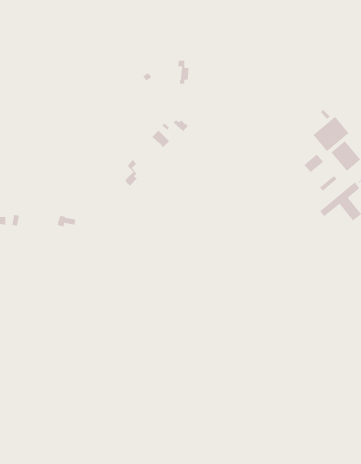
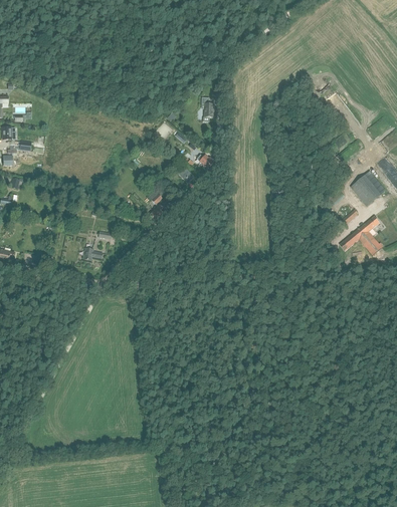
building: [313,116,349,152] -> none

